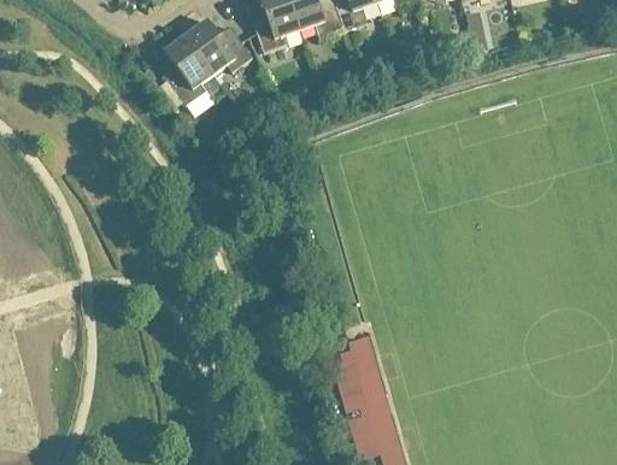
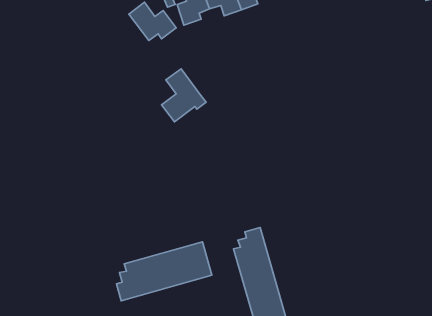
building: [158,34,221,108] -> [162,69,206,122]
building: none -> [116,242,212,301]

